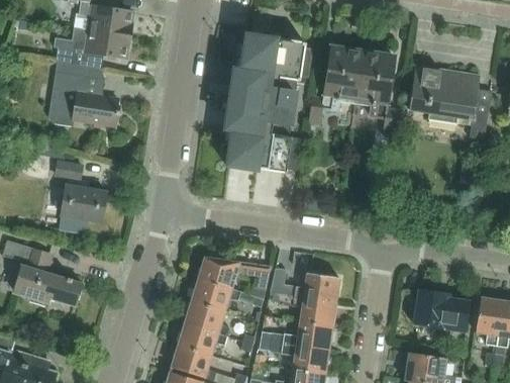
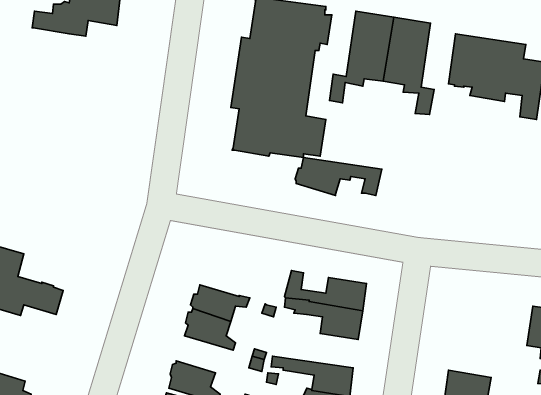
building: [48,60,119,131] -> none
building: [55,161,106,233] -> none
building: [197,256,271,288] -> [295,157,382,195]
building: [413,288,470,329] -> none
building: [260,319,332,349] -> none
building: [177,321,226,353] -> none

